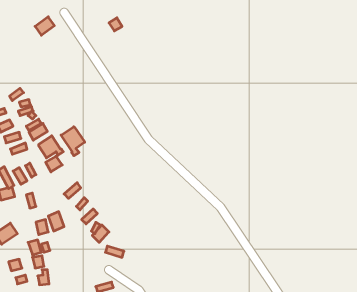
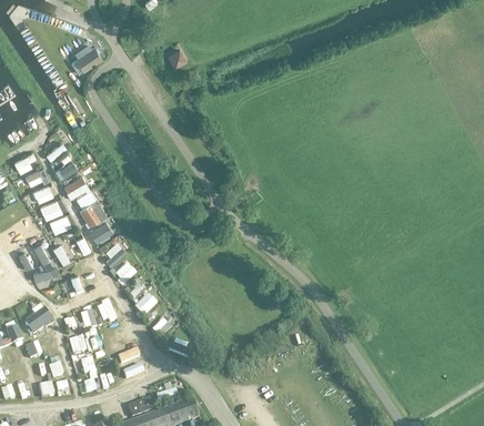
building: [61,127,85,156] -> none

